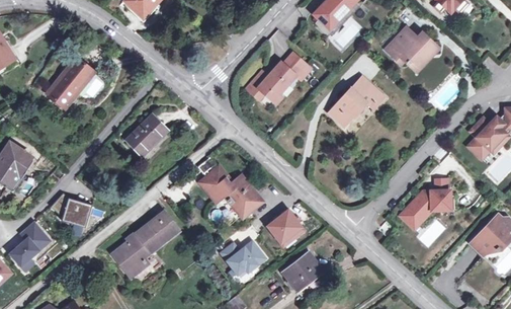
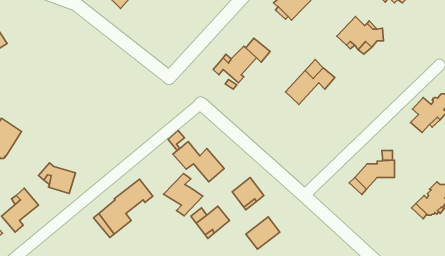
building: [47,57,94,108] -> none
building: [125,114,168,156] -> none
building: none -> [164,173,203,216]

